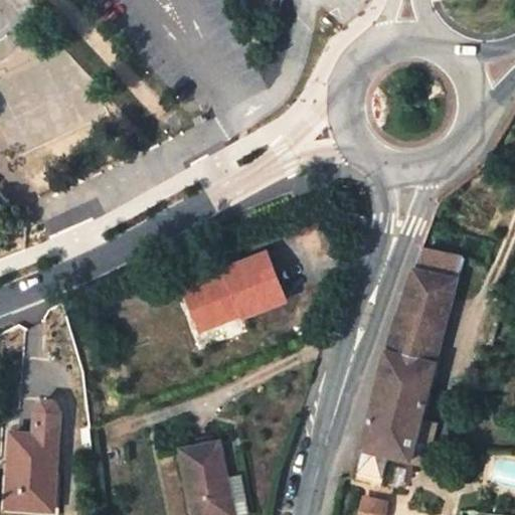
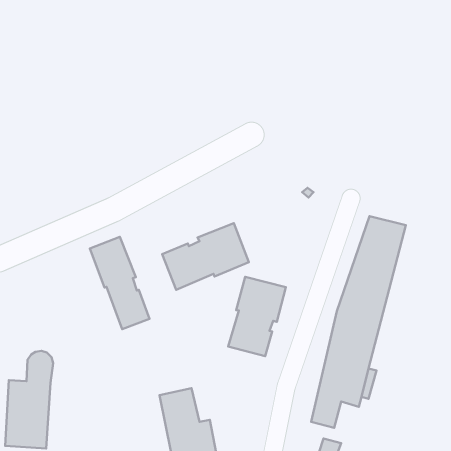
building: none -> [90,237,150,329]
building: none -> [228,277,286,356]

